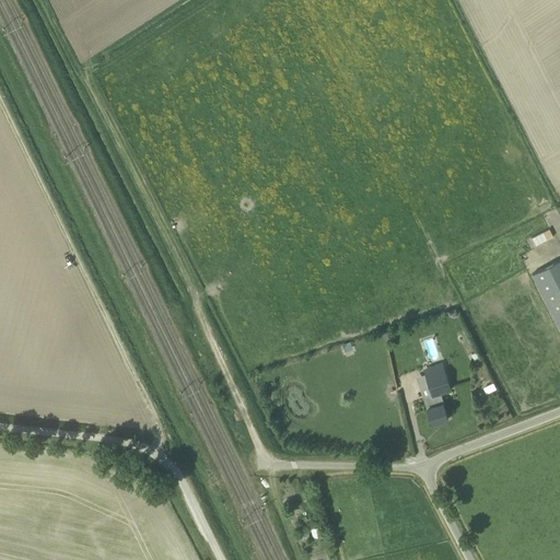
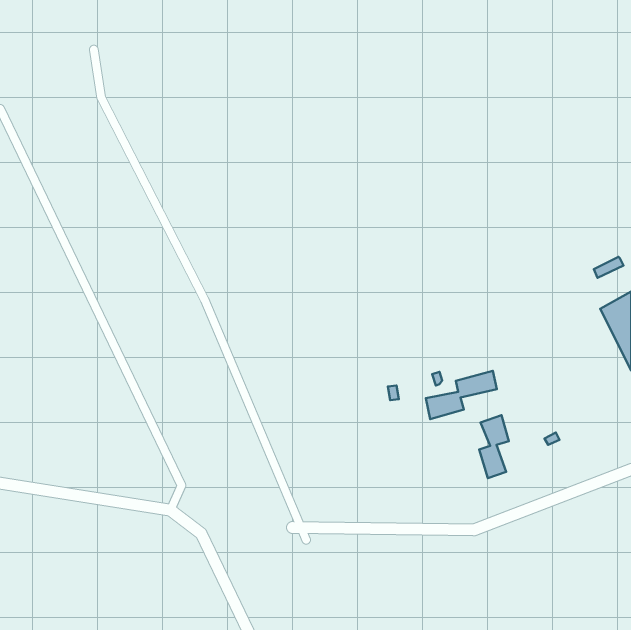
building: none -> [426,371,497,419]

